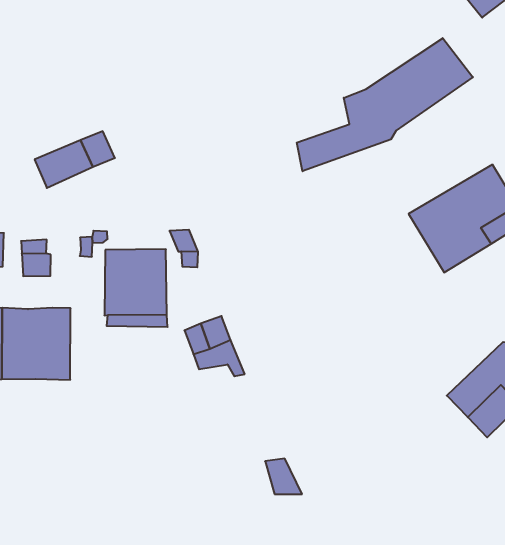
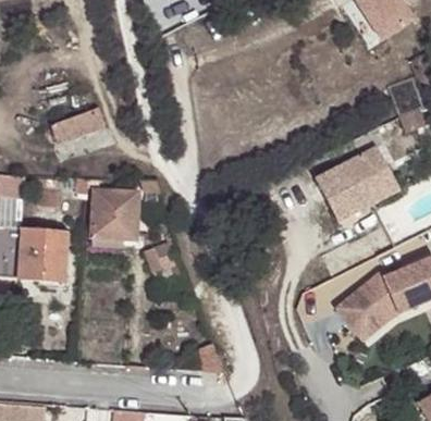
building: [297,38,473,171] -> none

